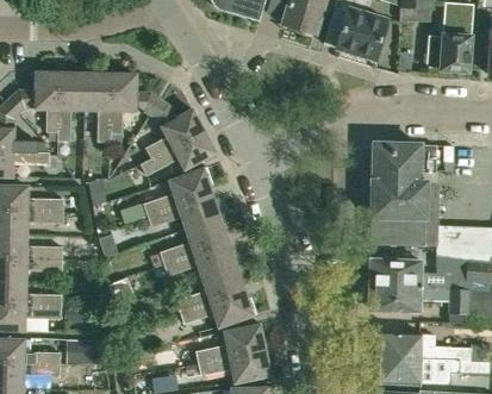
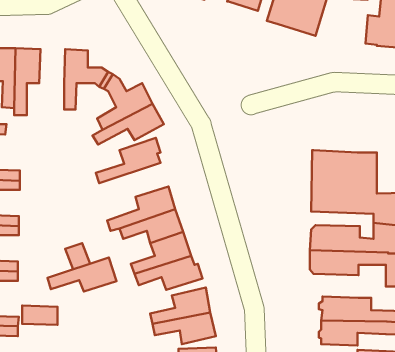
building: [85,74,112,143] -> none
building: [373,144,436,182] -> none
building: [148,193,220,229] -> [48,258,117,292]

